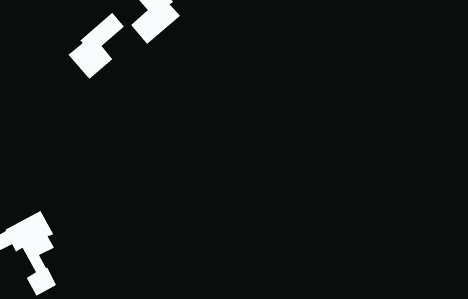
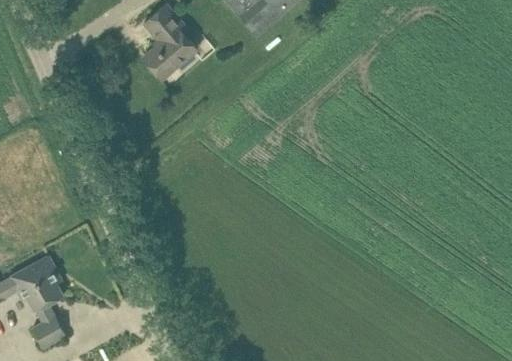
building: [68,12,125,80] -> none

